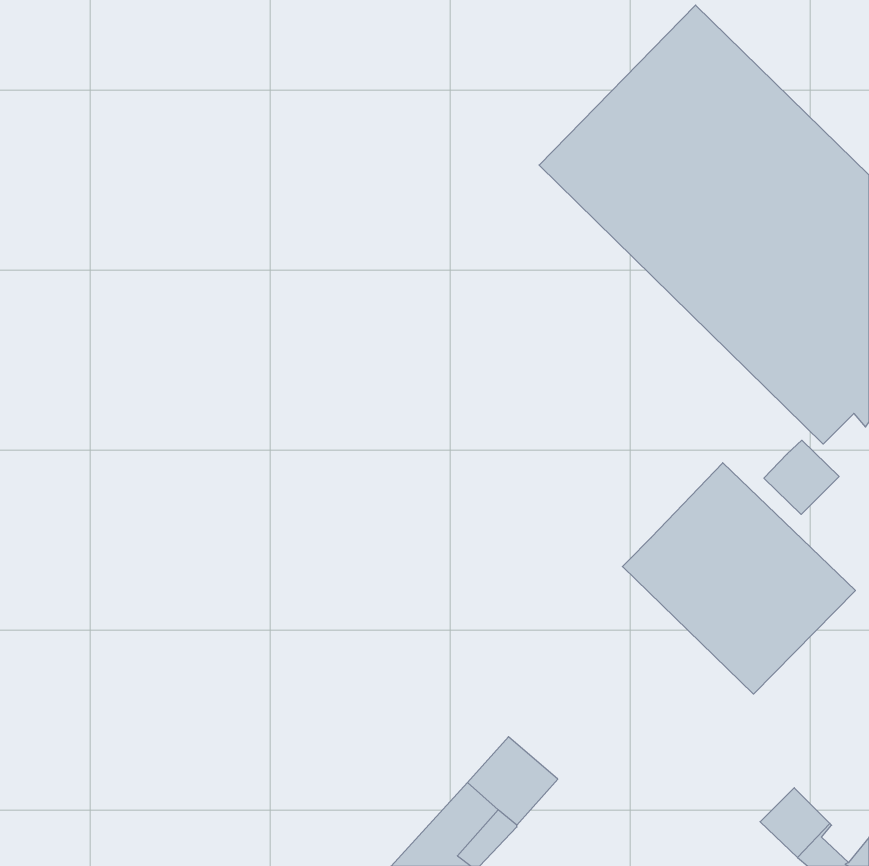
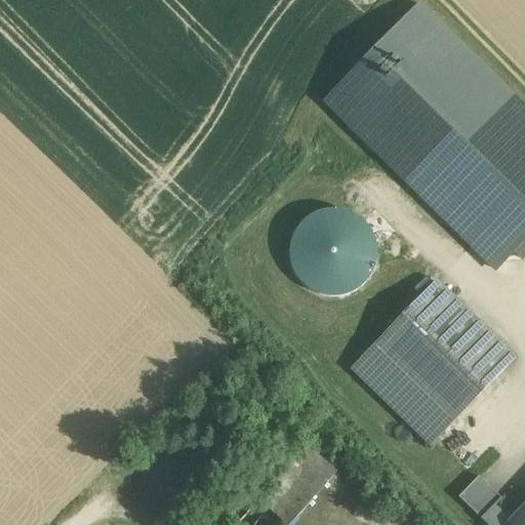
building: none -> [288,206,378,296]
building: [764,440,839,514] -> none
building: none -> [351,341,454,444]

